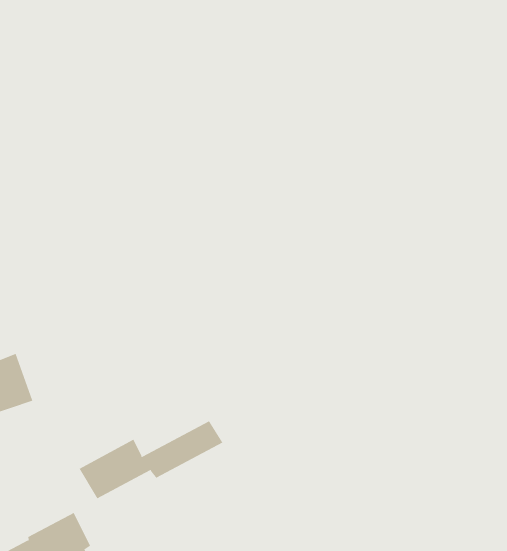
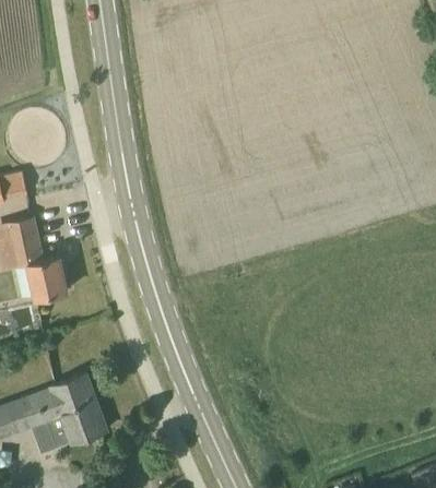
building: [79,421,223,499] -> none

